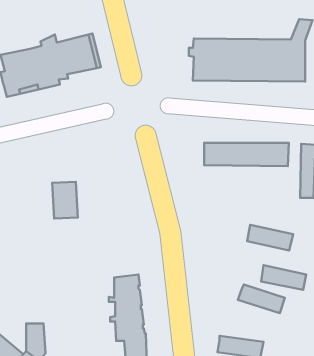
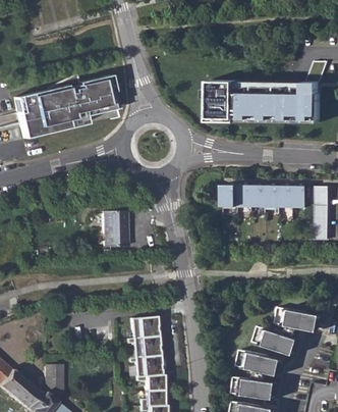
building: [52,182,78,219] -> [105,210,130,247]
building: [247,225,293,250] -> [241,350,287,375]

